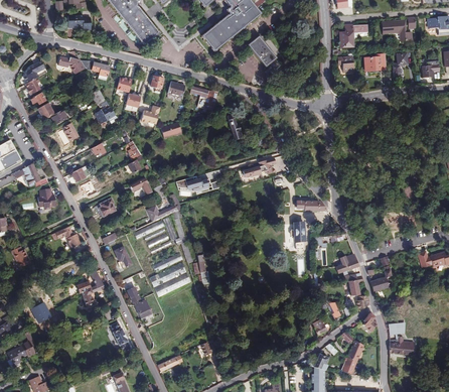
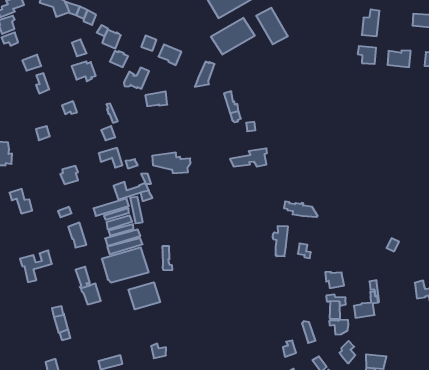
building: none -> [211,18,255,55]
building: none -> [128,282,160,309]

